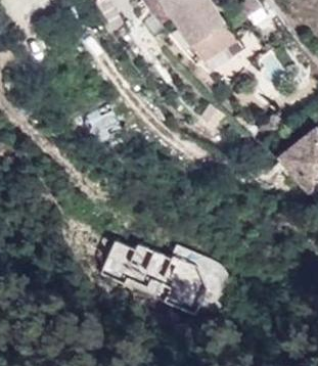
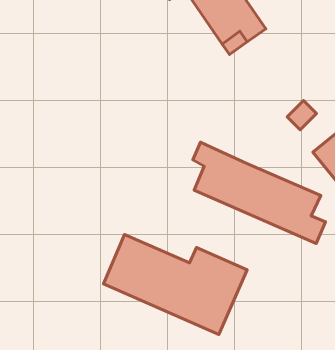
building: none -> [193,142,325,243]

